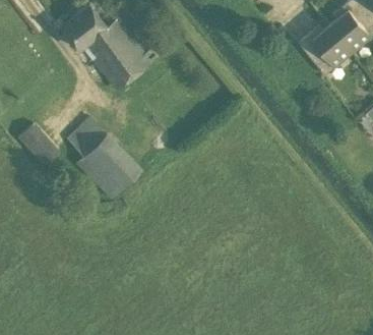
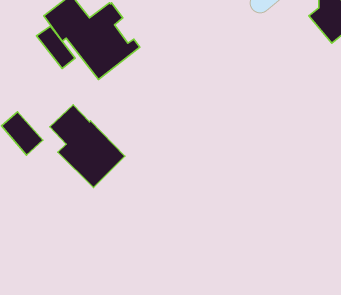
building: [296,26,351,76] -> none
building: none -> [37,26,75,68]

